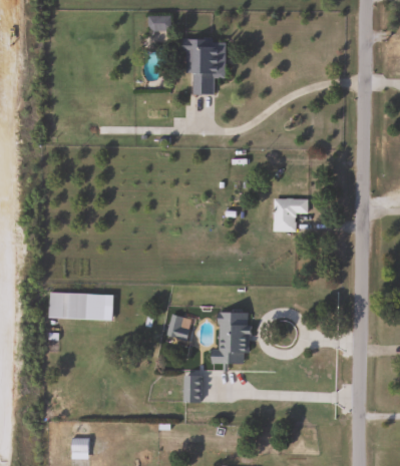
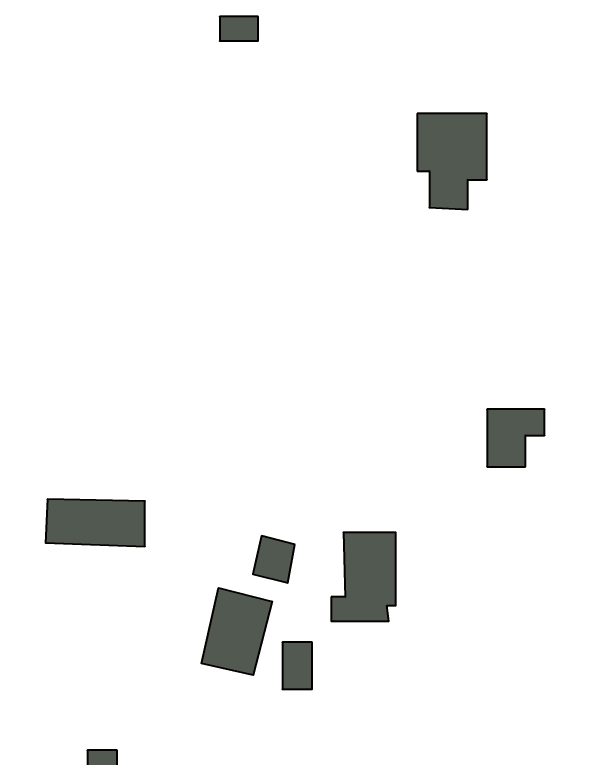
building: [185,39,226,94] -> [417,114,487,209]
building: [275,198,308,231] -> [487,409,545,467]
building: none -> [201,588,272,675]

